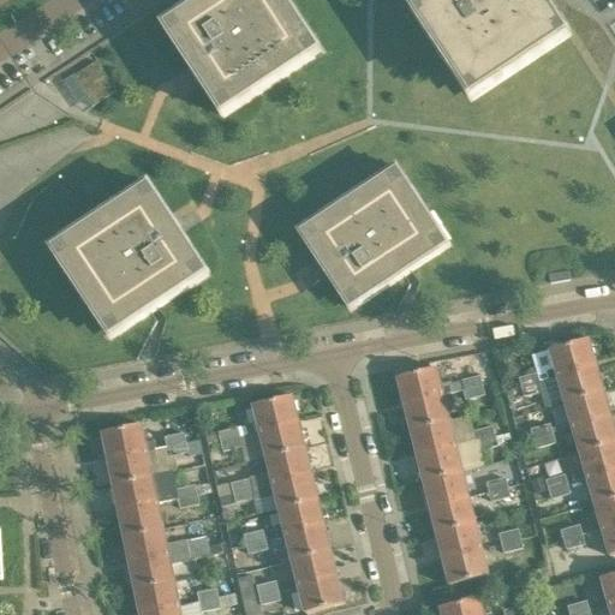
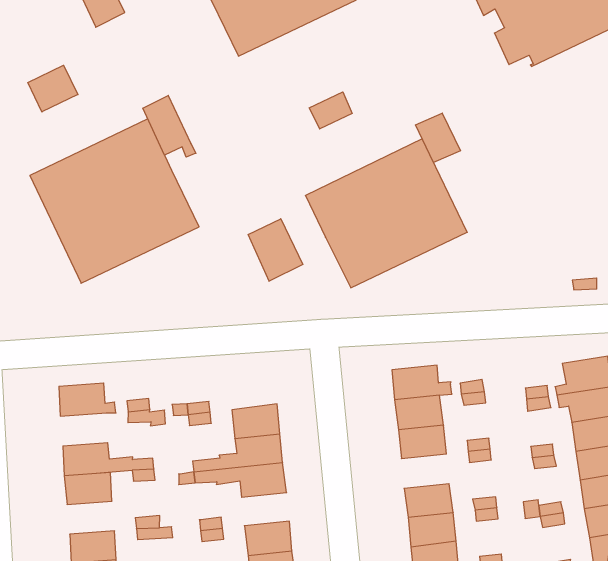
building: none -> [309,92,352,129]
building: none -> [415,113,460,163]
building: none -> [28,65,78,112]
building: none -> [143,95,196,157]
building: none -> [248,219,303,281]
building: [250,392,297,429] -> none
building: [414,442,460,478] -> none
building: [105,446,156,482] -> none
building: [276,496,322,531] -> none
building: [121,525,167,560] -> none

